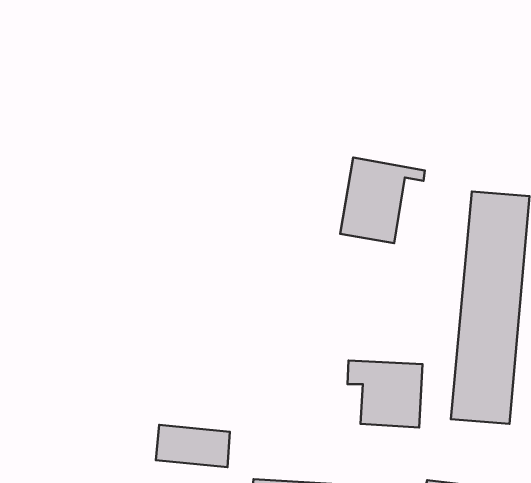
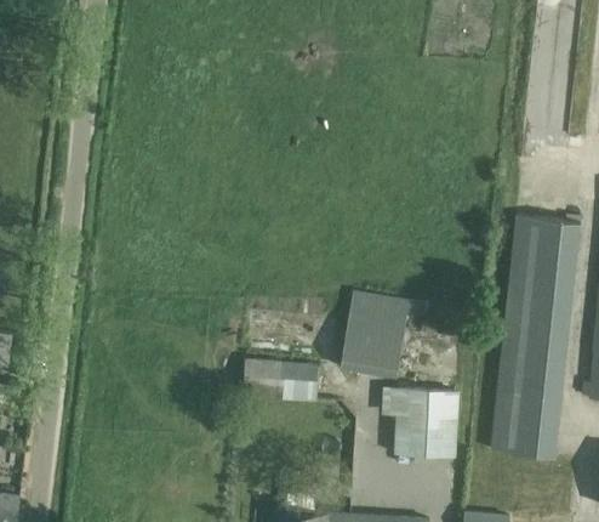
building: [340,157,425,243] -> [343,290,430,379]
building: [156,425,230,467] -> [245,359,321,403]

